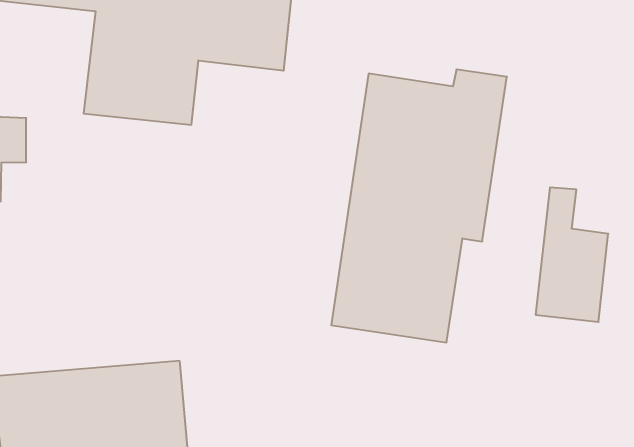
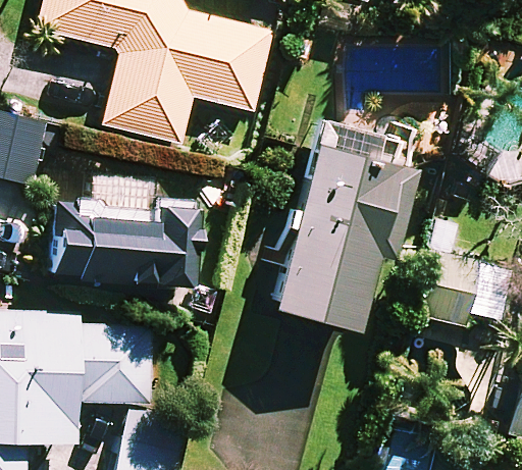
building: none -> [46,173,195,285]

